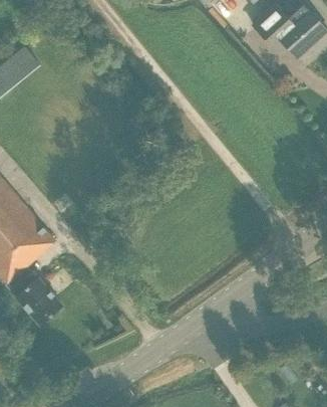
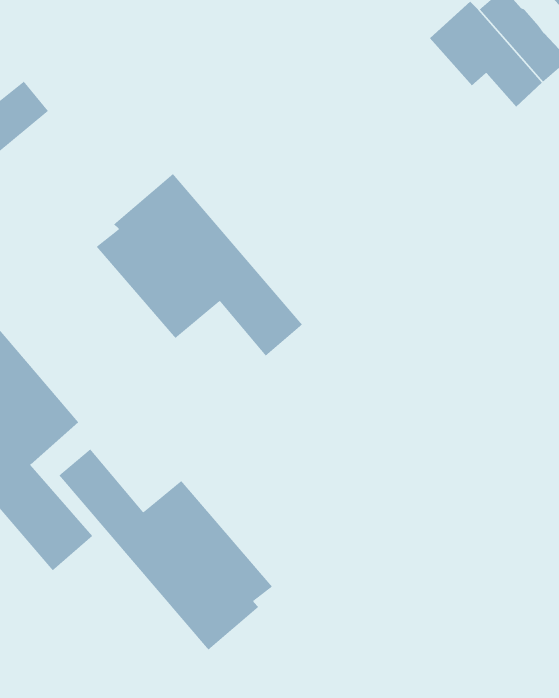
building: none -> [96,173,303,357]
building: none -> [58,448,273,650]

